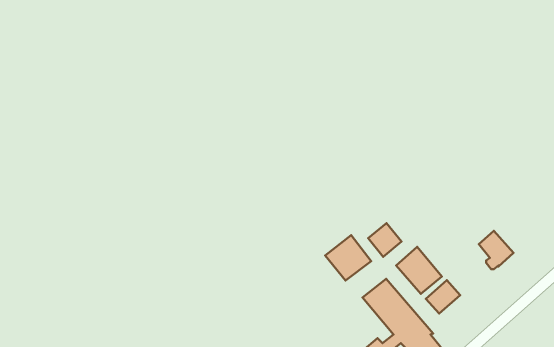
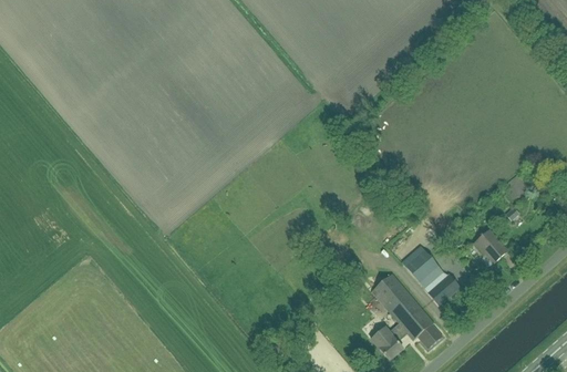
building: [368,223,402,257] -> none
building: [325,235,371,281] -> none

